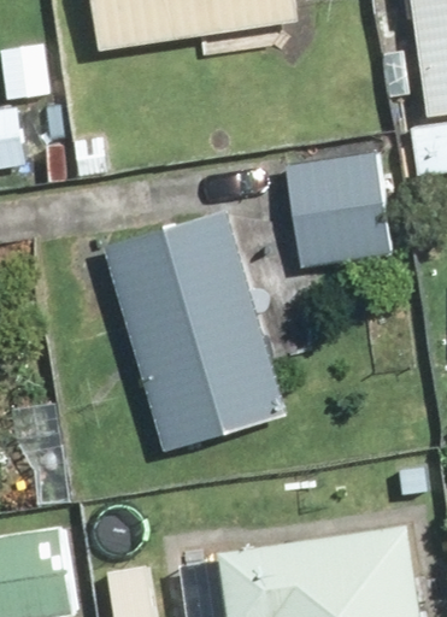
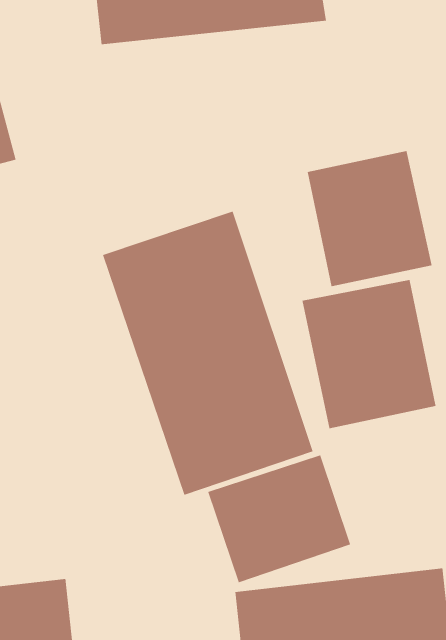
building: none -> [302,279,436,429]
building: none -> [207,454,351,583]

